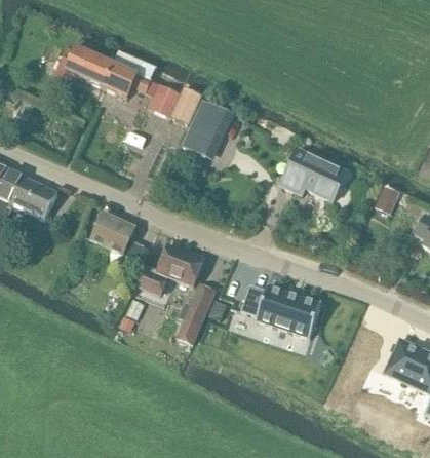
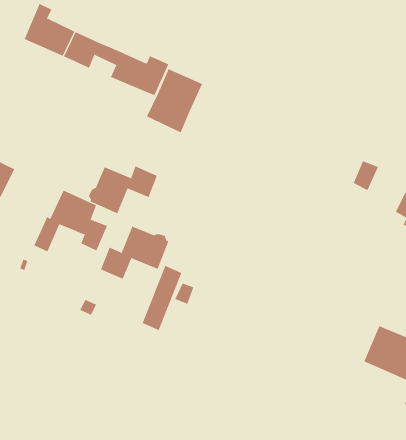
building: [279,146,347,200] -> none
building: none -> [88,166,158,214]
building: [241,281,321,337] -> none

